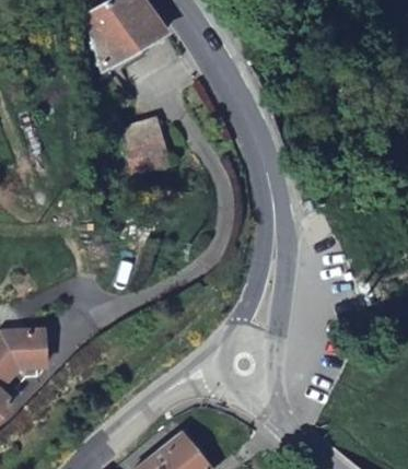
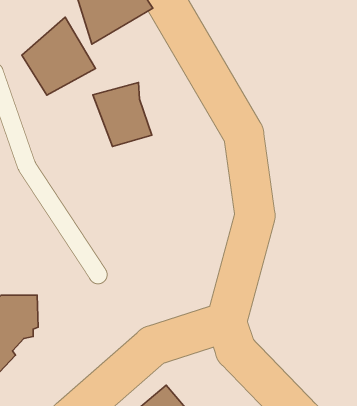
building: none -> [22,17,96,95]

